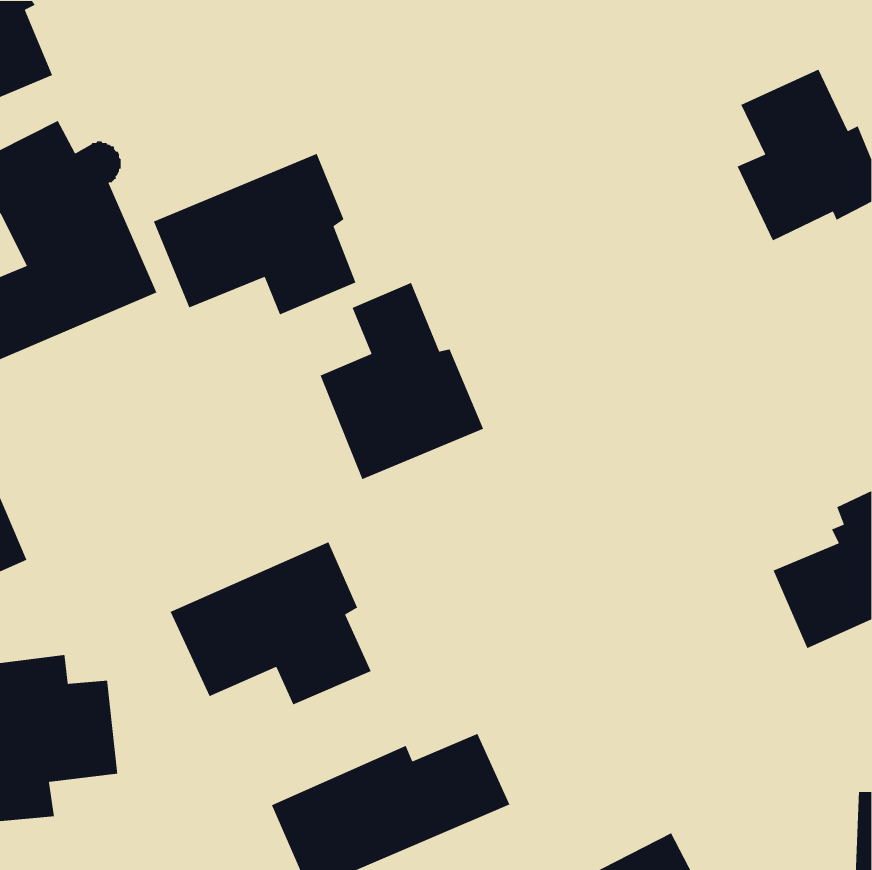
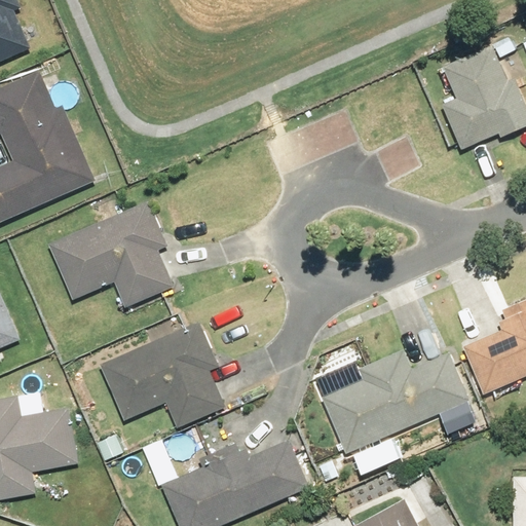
building: [153,153,357,315] -> [48,208,171,305]
building: [319,282,484,480] -> none
building: none -> [324,348,469,451]

